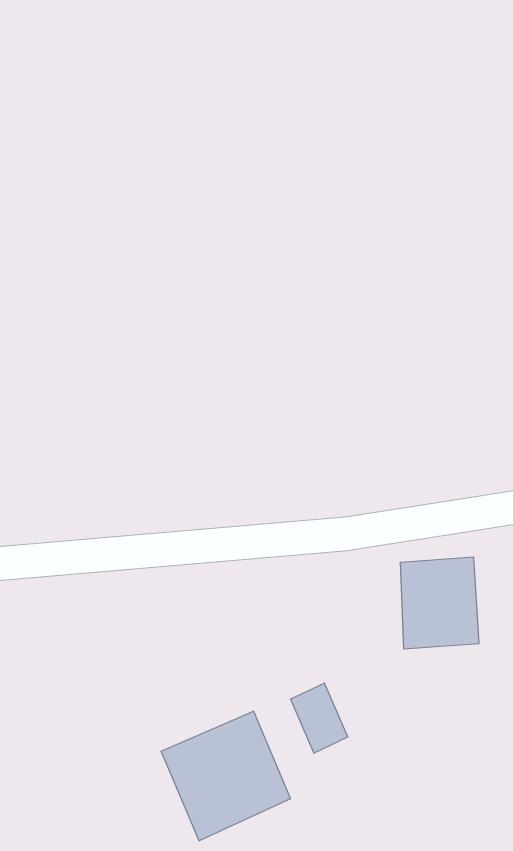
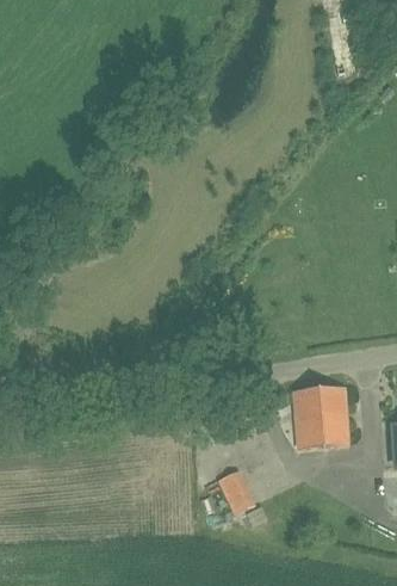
building: [161,711,291,841] -> none

